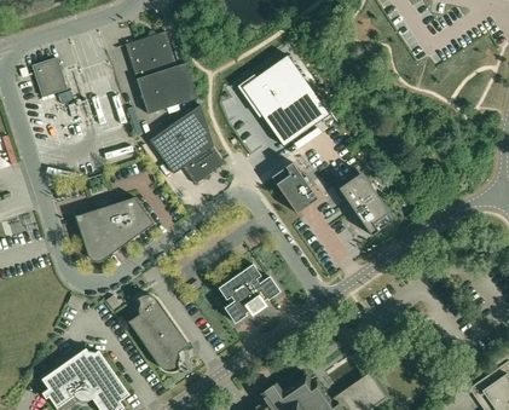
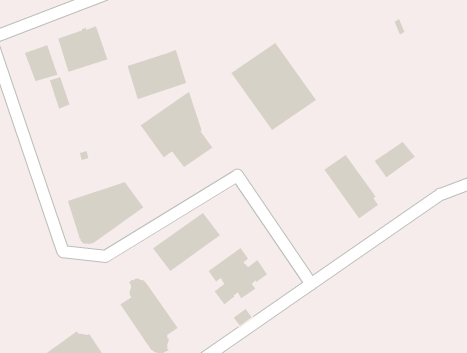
building: [125,30,177,79] -> [57,25,108,73]
building: none -> [374,140,416,178]
building: [271,161,317,213] -> none
building: none -> [152,212,221,272]

